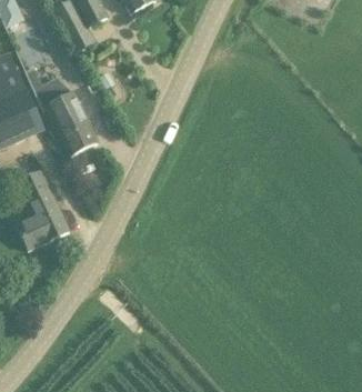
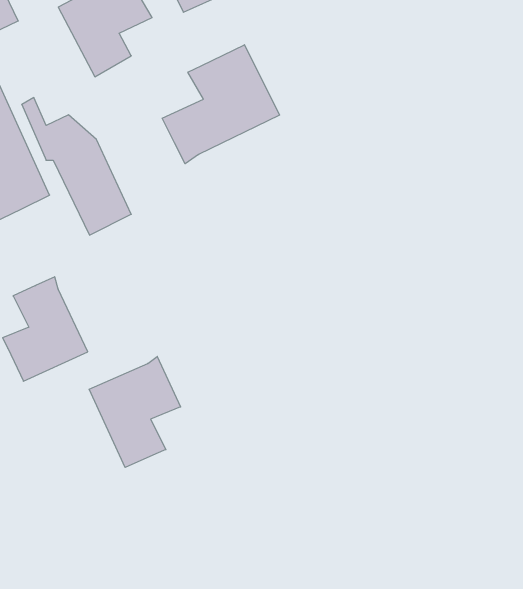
building: none -> [162,45,279,164]
building: none -> [89,356,181,467]

